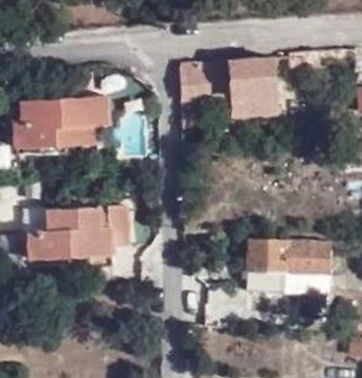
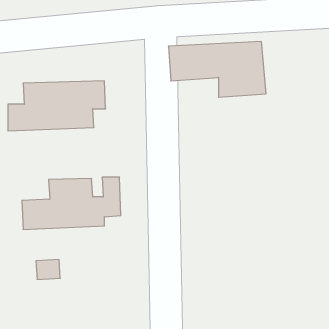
building: [250,235,331,289] -> none

